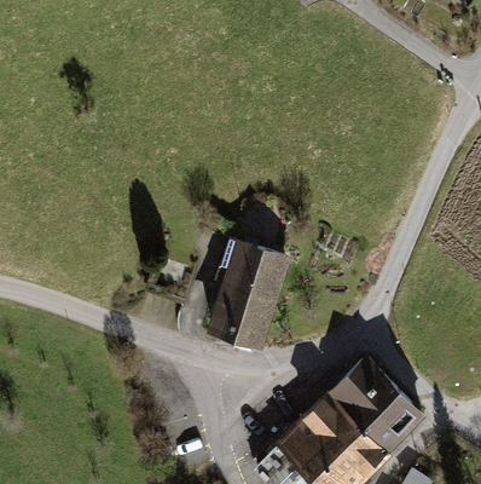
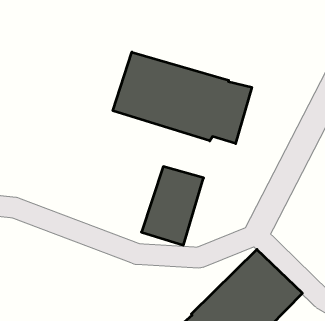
building: none -> [113,52,252,144]

